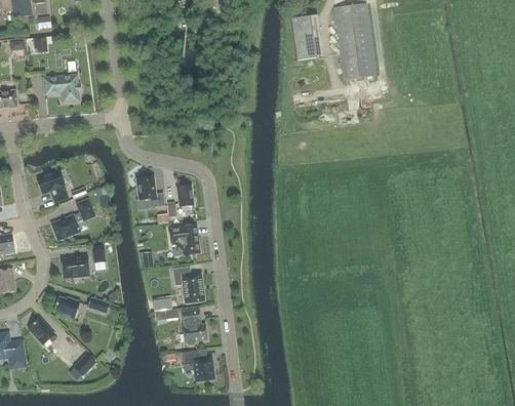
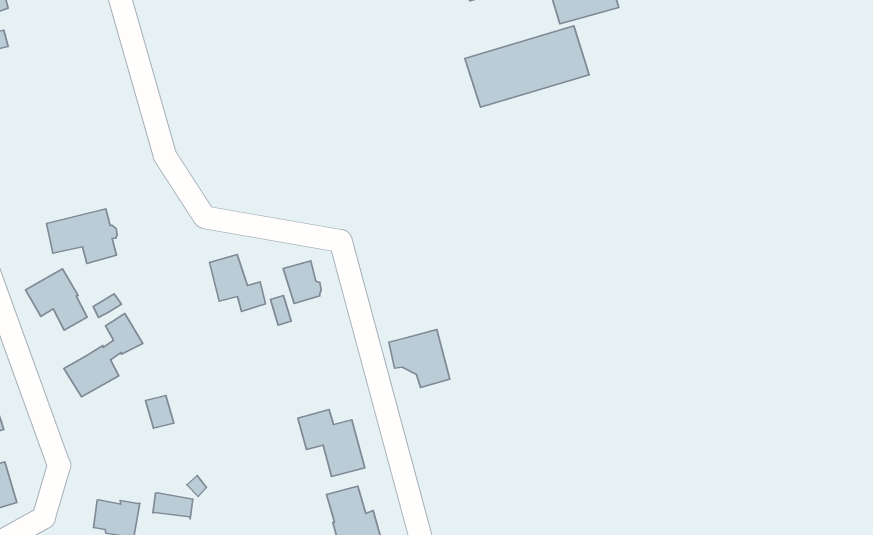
building: [43,75,80,103] -> [46,209,117,264]
building: none -> [465,26,589,107]
building: [169,226,199,255] -> [389,329,450,387]
building: [61,255,88,277] -> none

